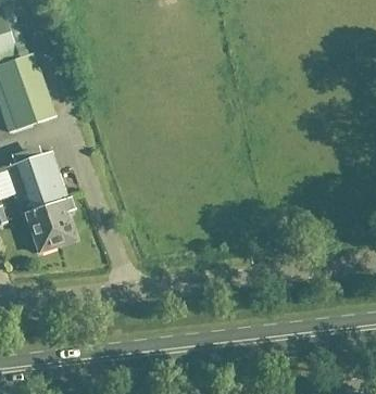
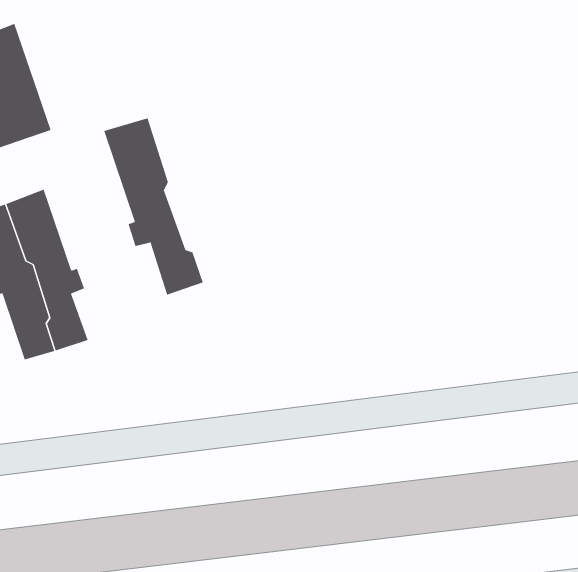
building: none -> [104,117,203,295]

